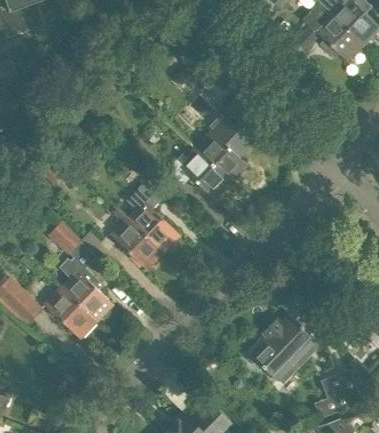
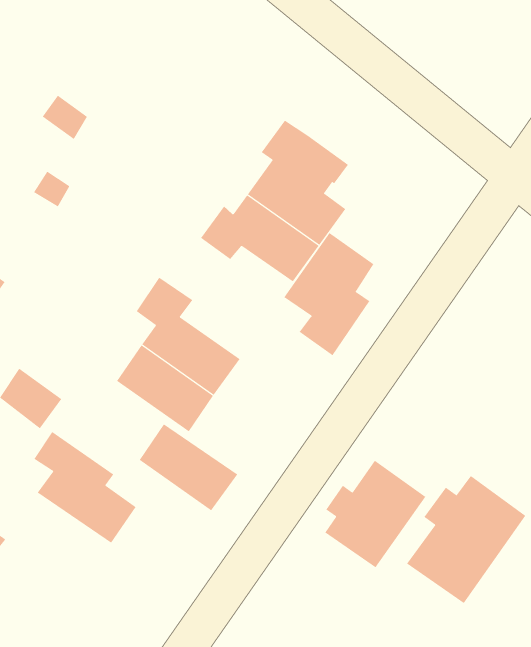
building: none -> [283,232,374,356]
building: [46,288,97,338] -> [139,424,238,511]
building: none -> [324,460,426,568]

